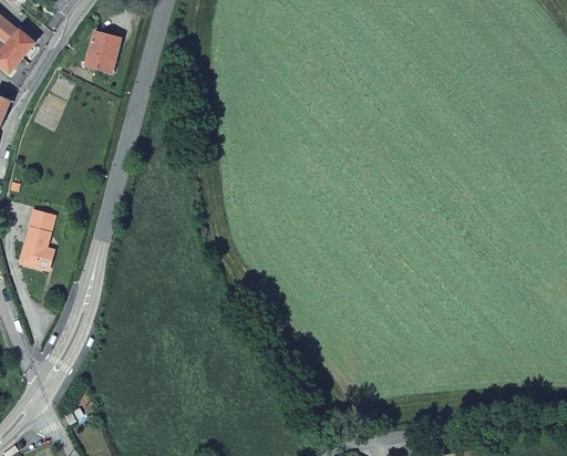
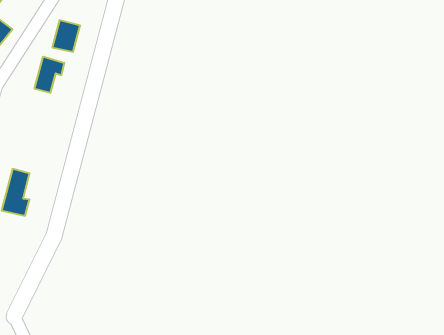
building: none -> [35,57,64,93]

